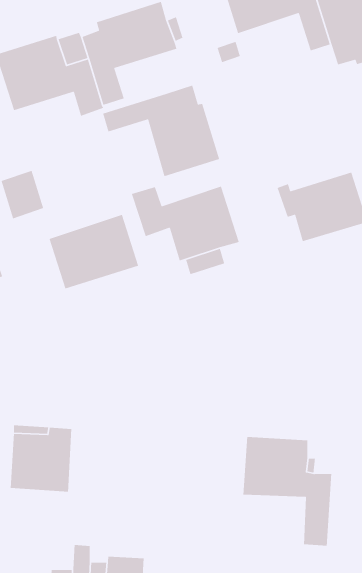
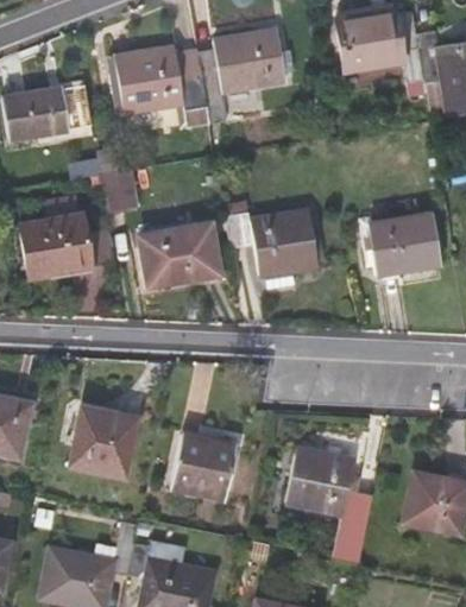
building: [102,84,220,177] -> none
building: none -> [172,435,238,499]

